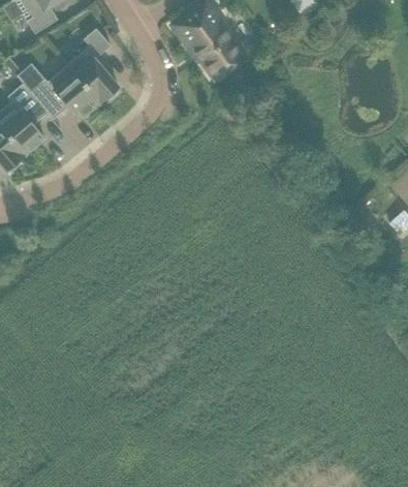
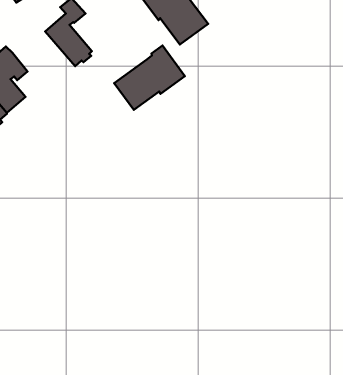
building: [30,64,99,119] -> none
building: none -> [114,46,185,110]

